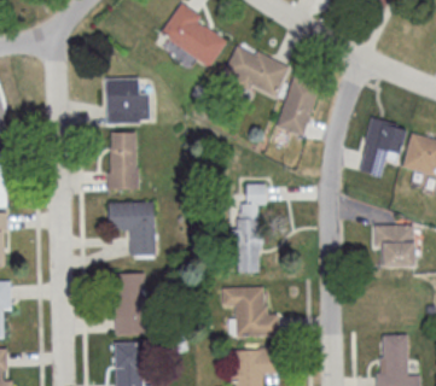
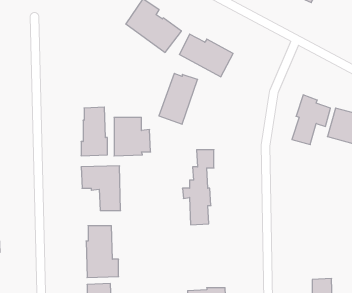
building: [275,76,321,136] -> [159,73,198,124]
building: [106,80,150,125] -> [114,117,151,156]
building: [374,226,414,269] -> none
building: [222,287,279,338] -> none

